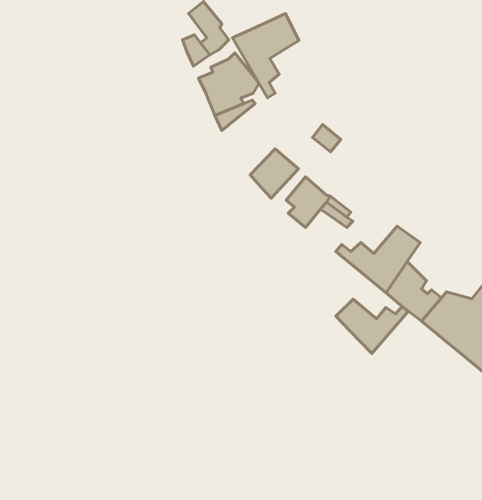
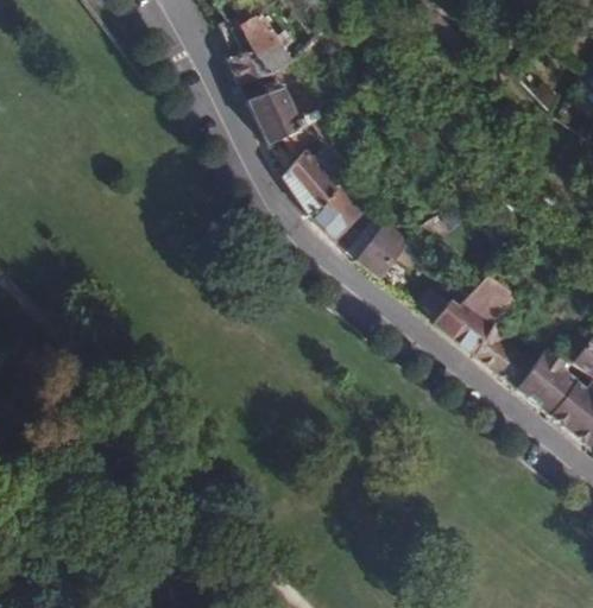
building: [233,13,299,98] -> none
building: none -> [284,150,346,214]
building: [336,299,408,354] -> none

